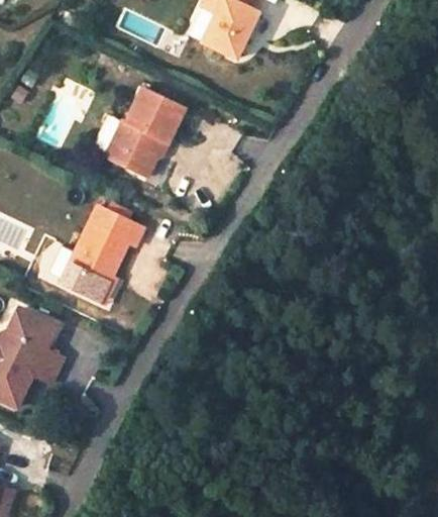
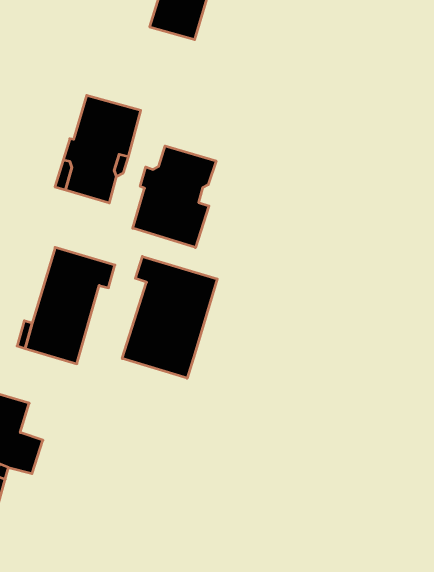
building: none -> [133,146,216,248]
building: none -> [122,256,217,378]

